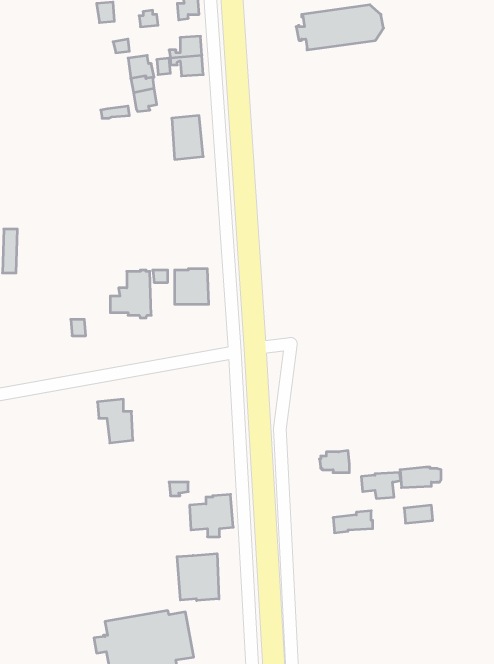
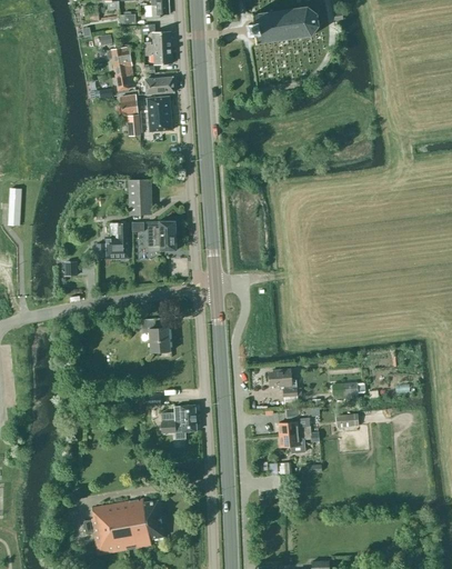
building: none -> [144,77,173,94]
building: none -> [119,94,140,136]
building: none -> [128,180,152,216]
building: [97,399,133,443] -> [141,318,170,353]
building: [361,472,401,498] -> [279,432,311,453]
building: [177,554,219,601] -> none

